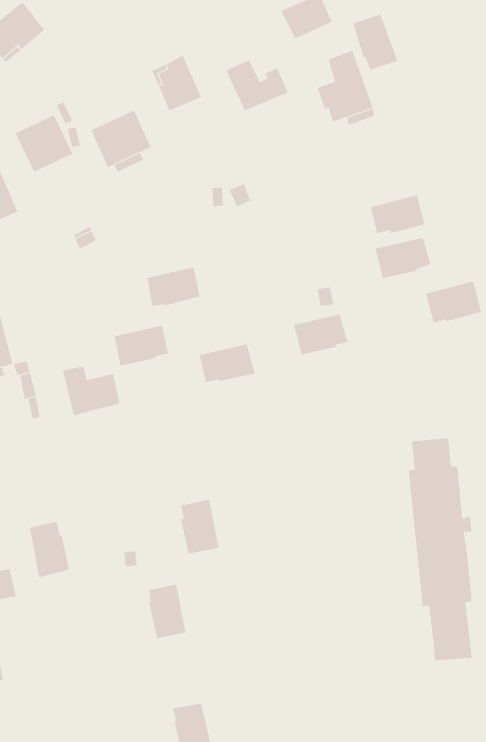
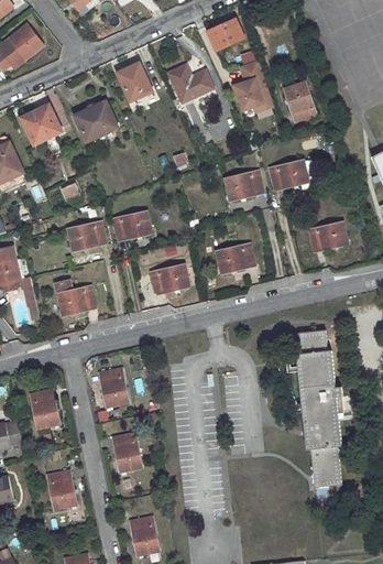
building: [353,14,398,70] -> [284,82,316,121]
building: [375,238,431,278] -> [223,171,263,199]
building: [114,325,169,366] -> [67,221,106,250]
building: [180,499,219,554] -> [100,368,128,406]
building: none -> [47,470,76,509]

